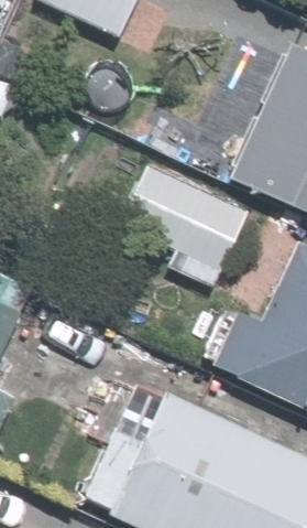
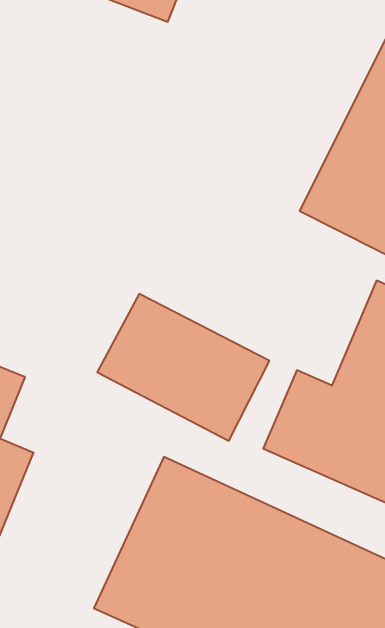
building: [112,158,248,273] -> [97,294,269,441]

